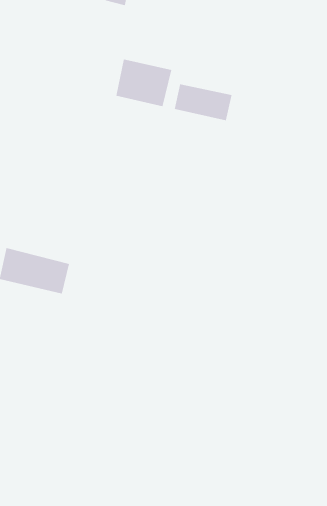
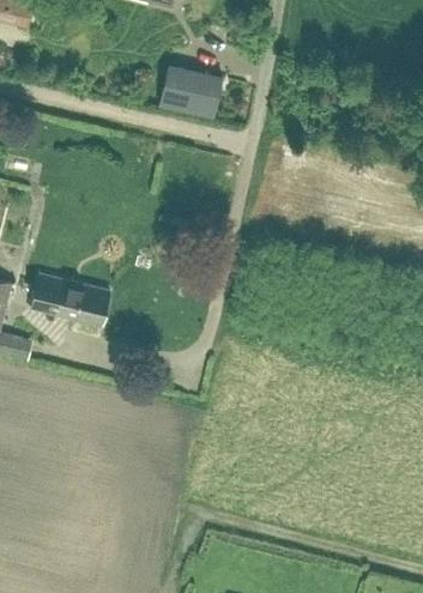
building: [174,84,232,121] -> none

